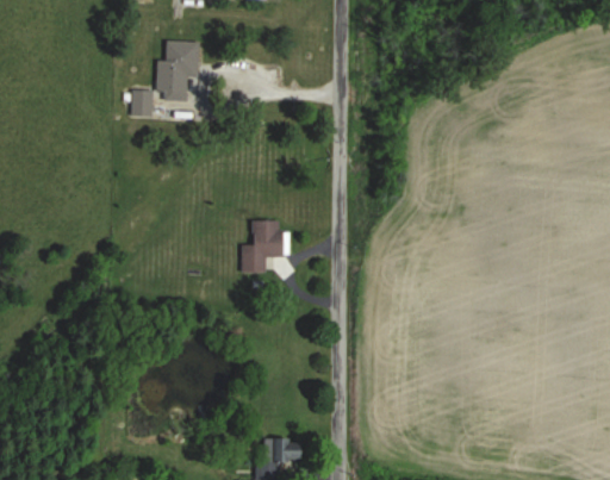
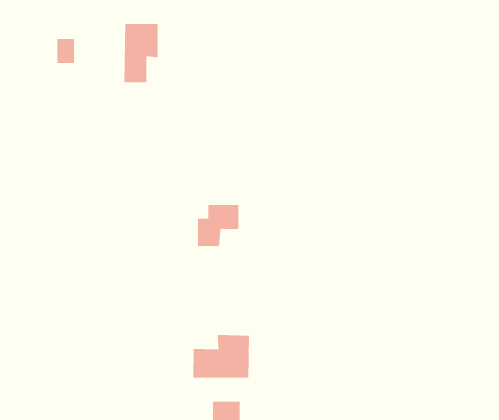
building: [132,89,151,116] -> [57,39,75,64]
building: none -> [193,334,249,378]

